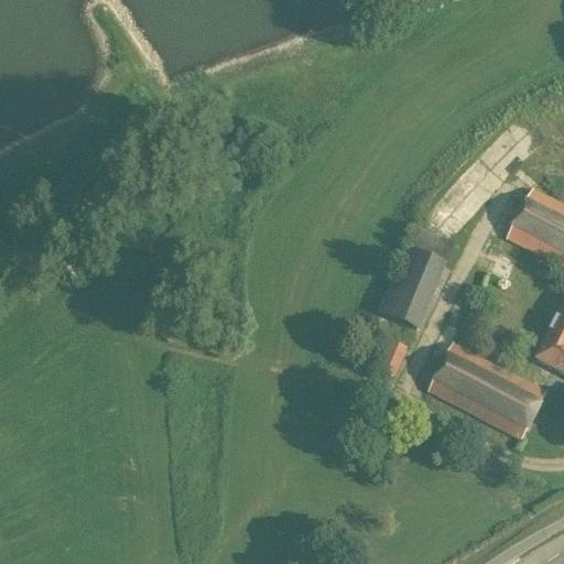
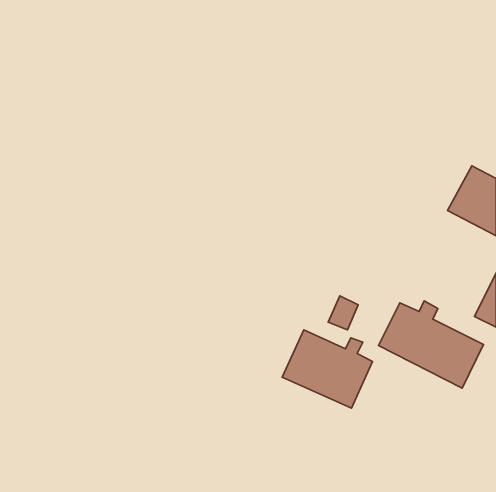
building: [377,225,455,329] -> none
building: none -> [282,330,372,408]

